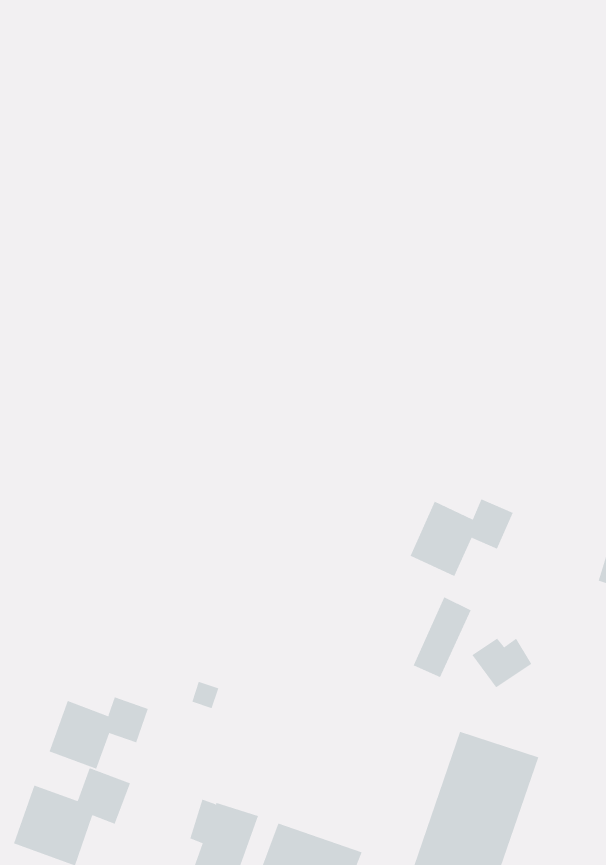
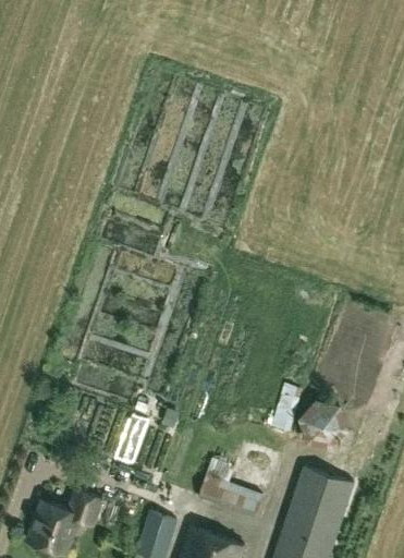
building: [410,499,513,577] -> none
building: [49,697,149,770] -> none
building: none -> [199,460,264,519]

